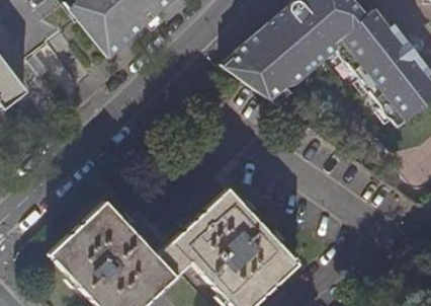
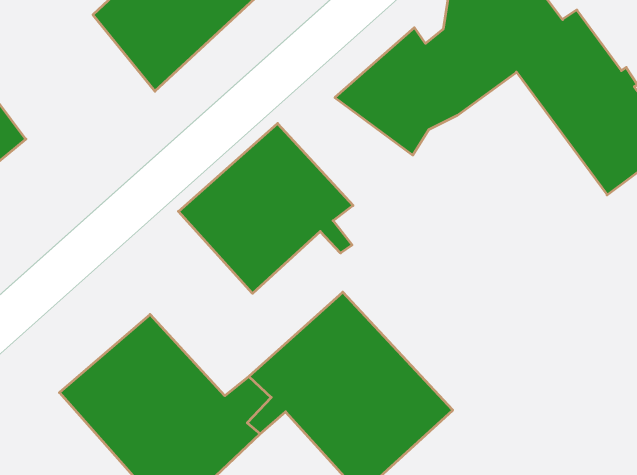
building: none -> [178,123,353,293]

